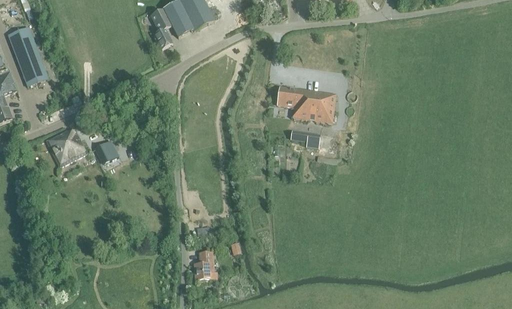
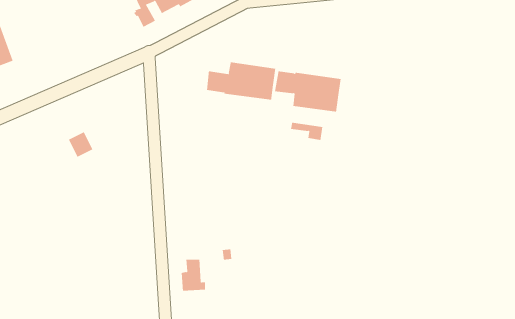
building: none -> [206,61,276,100]
building: [46,128,88,166] -> none

